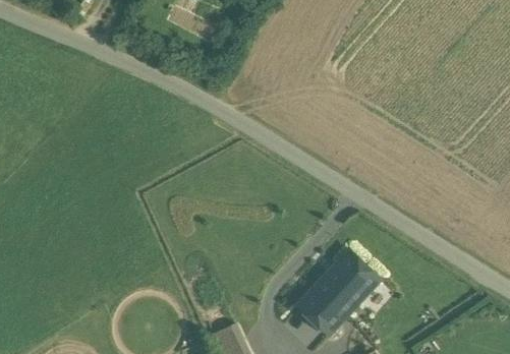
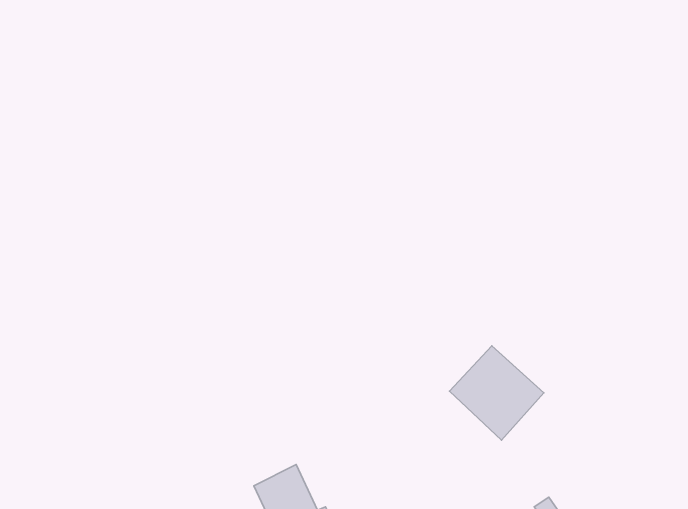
building: [299,278,356,335] -> none

